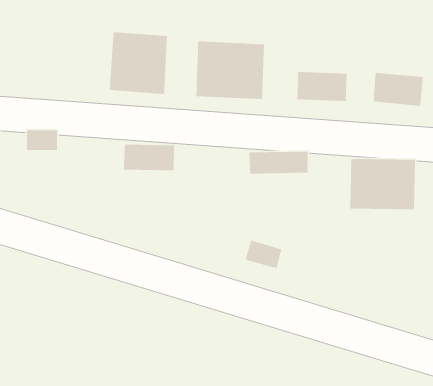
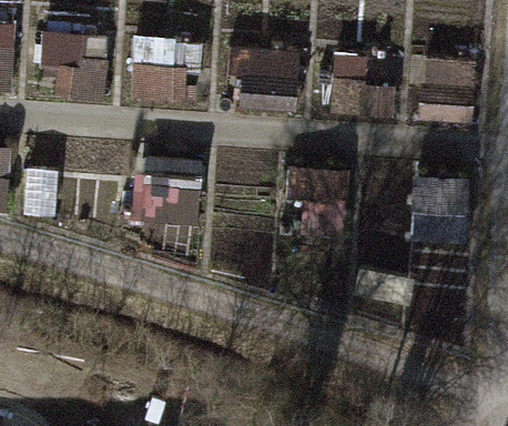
building: none -> [41,22,103,102]

